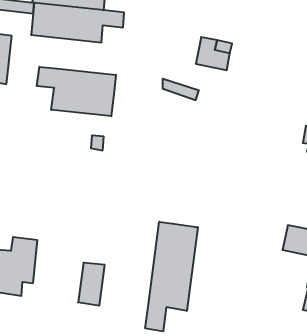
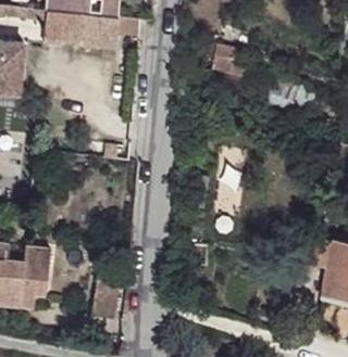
building: [37,67,116,116] -> none
building: [145,222,198,331] -> none

